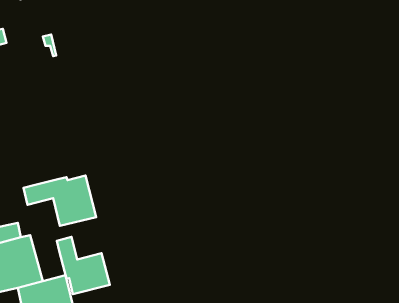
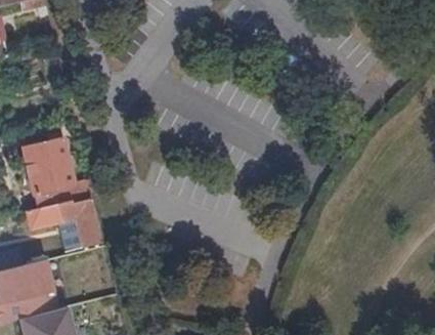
building: none -> [24,135,75,207]
building: [57,237,110,294] -> none

